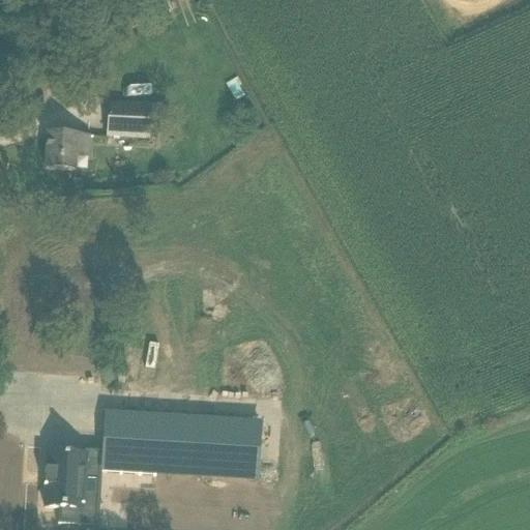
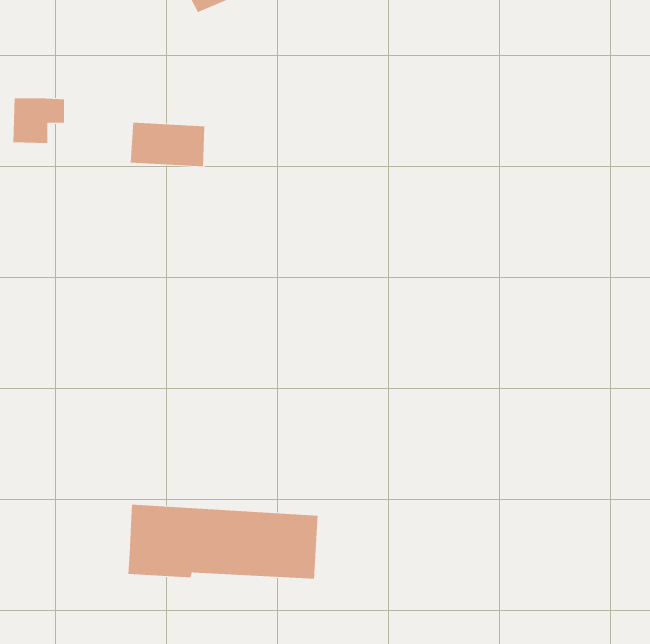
building: [46,129,88,167] -> [13,98,65,144]
building: [45,447,106,520] -> none

